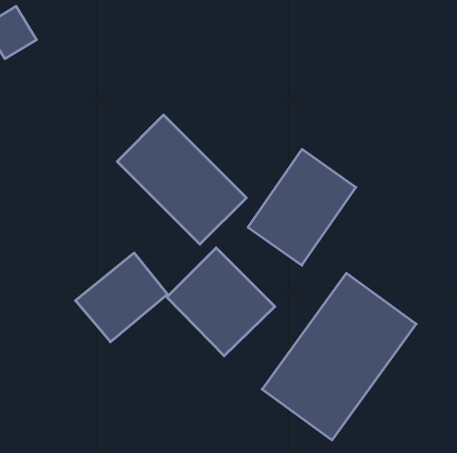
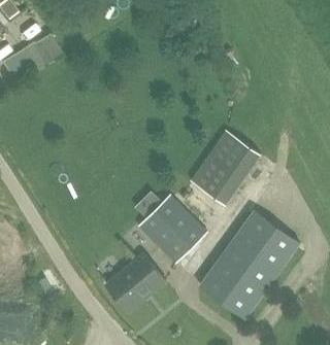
building: [117,115,246,244] -> none
building: [75,253,168,342] -> [106,255,166,313]

